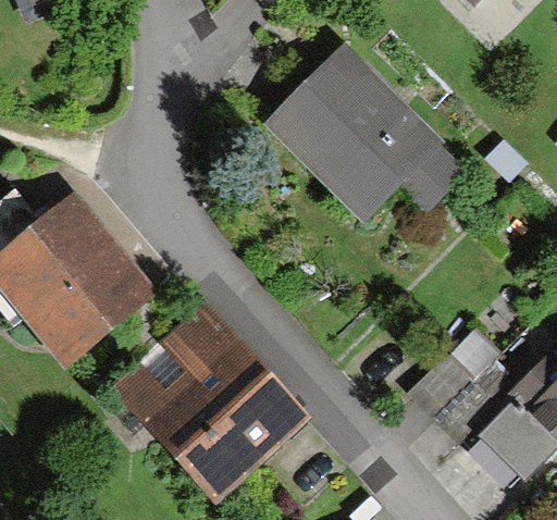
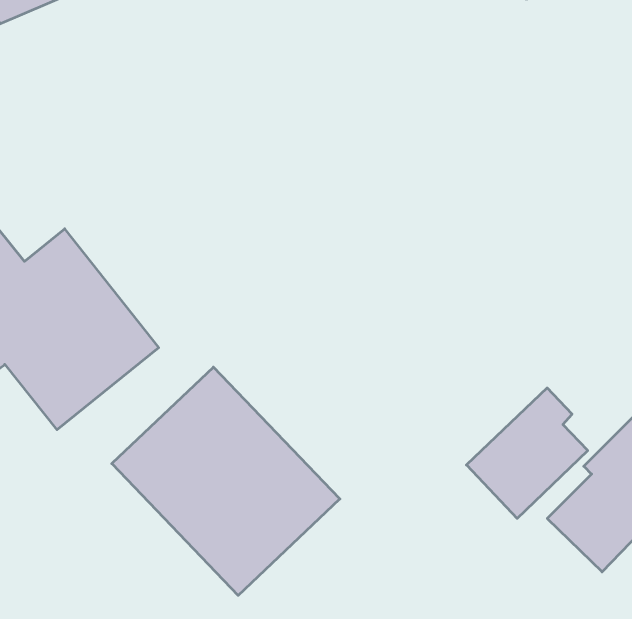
building: [261,41,472,225] -> none

